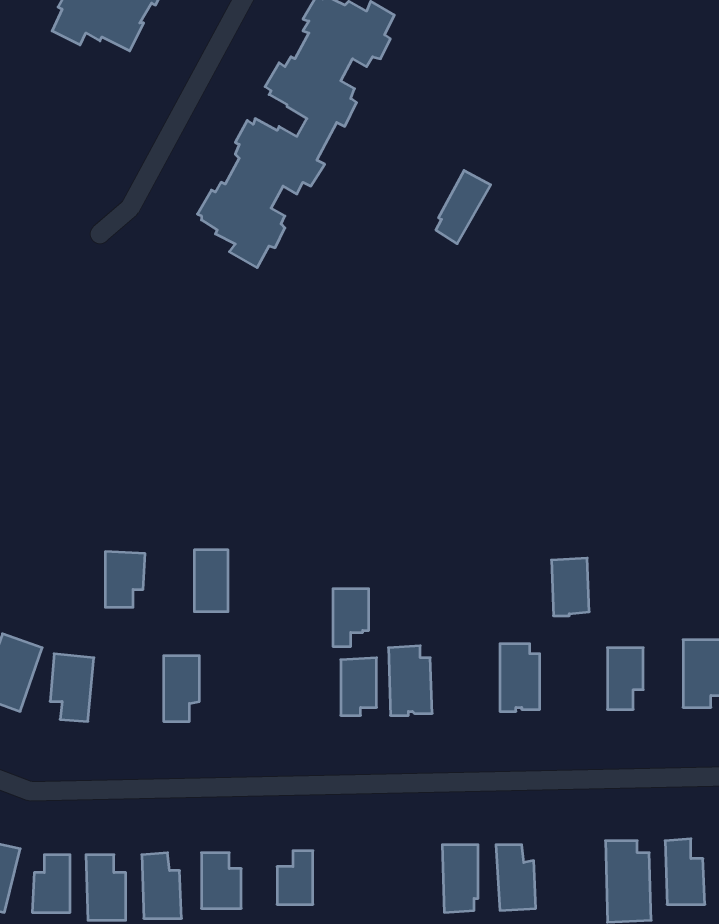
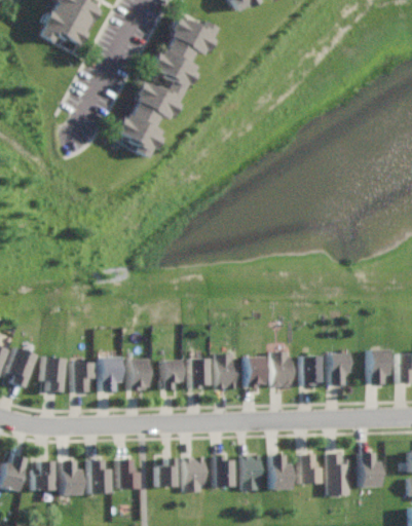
building: [436,170,491,244] -> none
building: [194,550,228,612] -> [127,360,145,391]
building: [105,552,145,607] -> [72,363,92,391]
building: [551,558,589,616] -> [301,356,321,386]
building: [333,589,369,646] -> [161,361,180,390]
building: none -> [246,358,264,388]
building: none -> [299,455,320,484]
building: none -> [184,457,205,492]
building: none -> [214,458,233,487]

